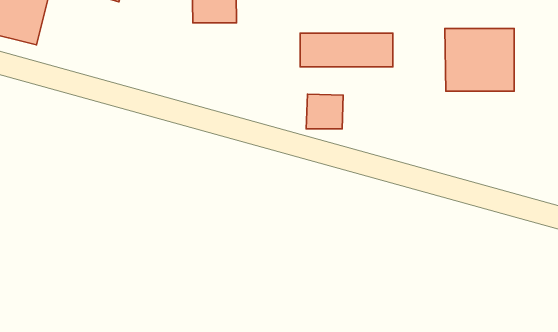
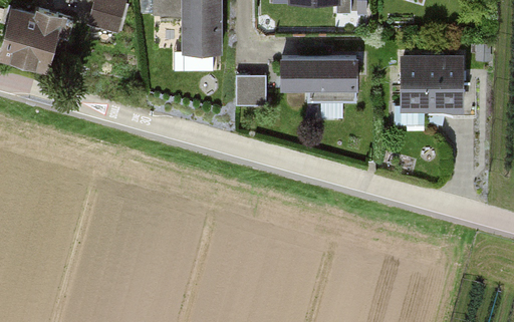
building: [306,94,343,129] -> [236,76,268,106]

